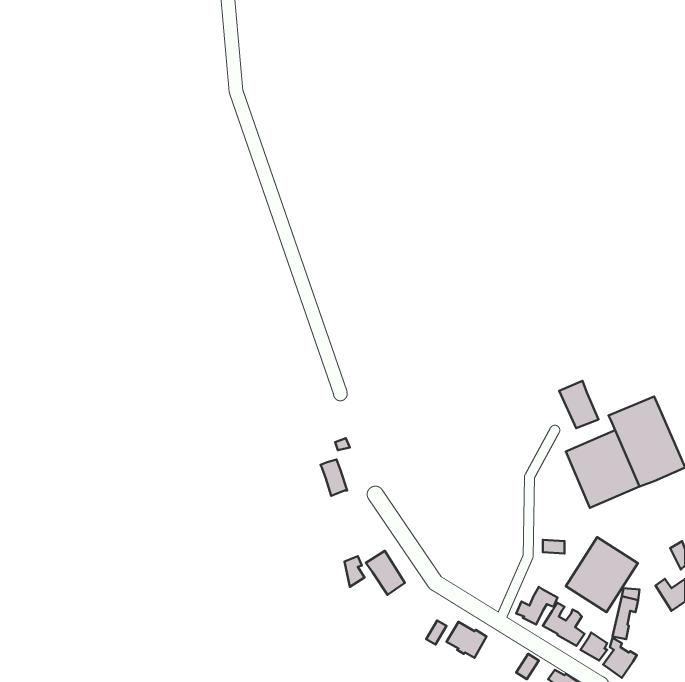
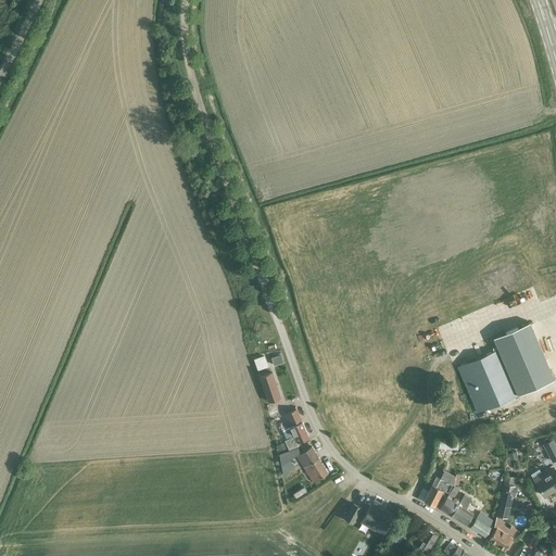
building: [559,381,598,428] -> none
building: none -> [283,412,309,451]
building: [566,537,638,612] -> none

